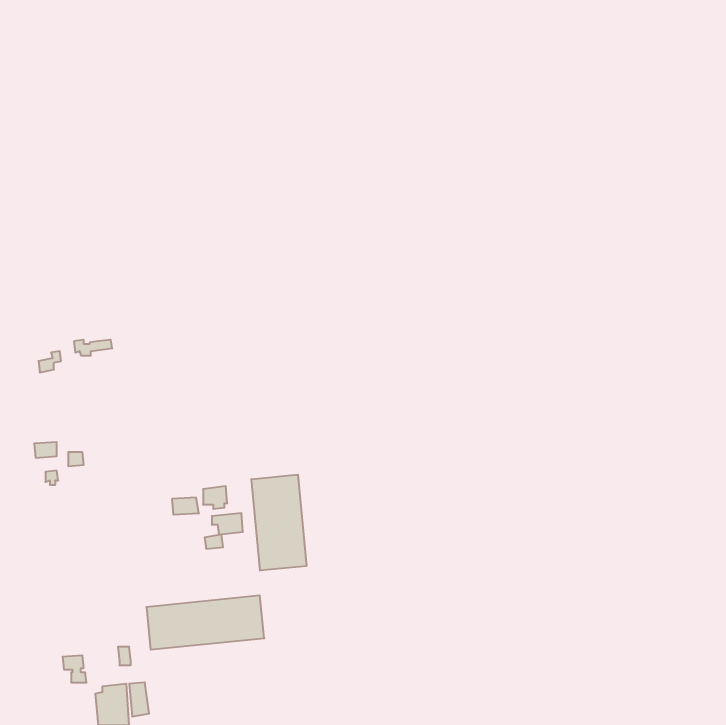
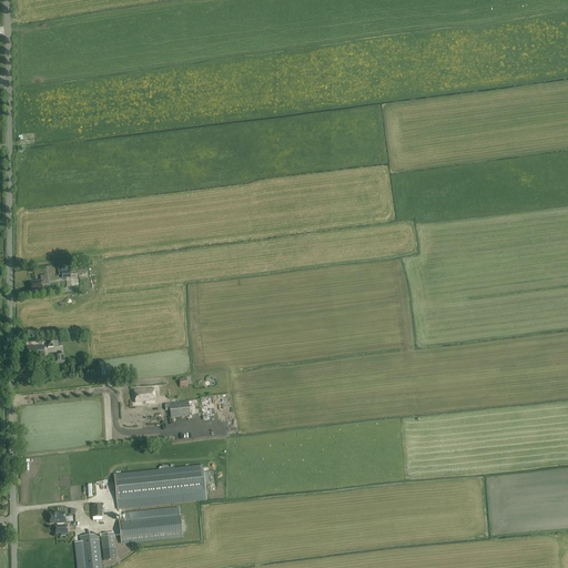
building: [251,475,307,571] -> none
building: none -> [119,506,183,544]

